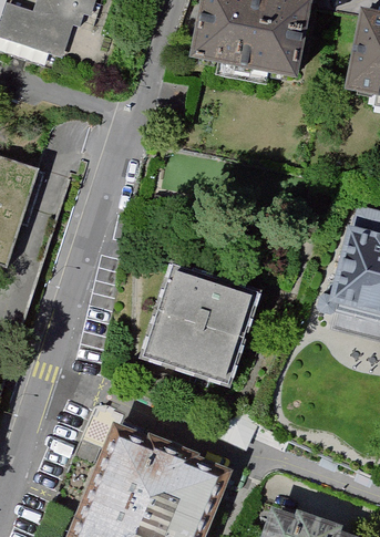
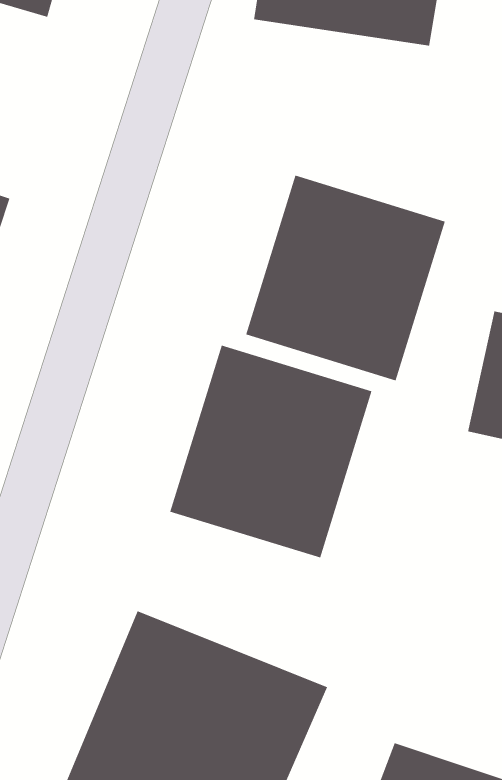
building: none -> [245,175,446,381]

